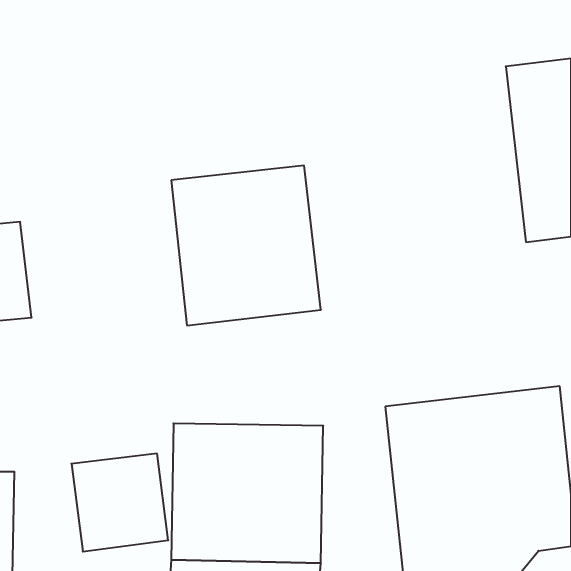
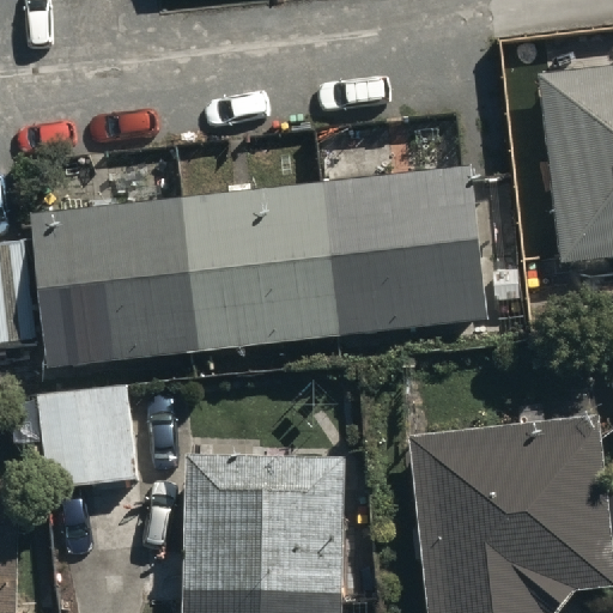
building: none -> [323,164,487,334]
building: none -> [30,196,199,368]
building: [71,454,168,552] -> [34,387,136,491]

